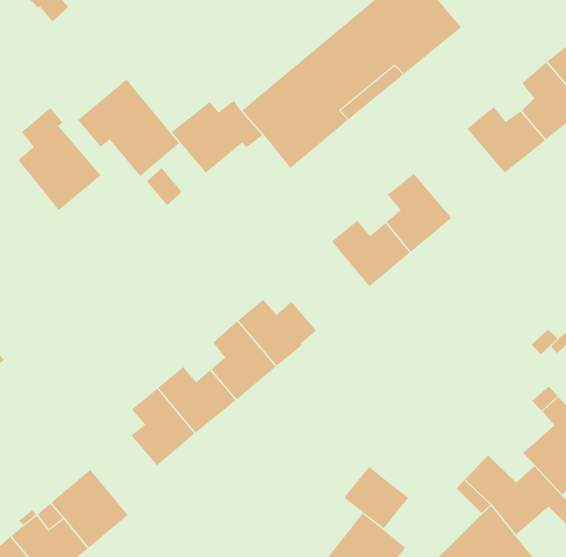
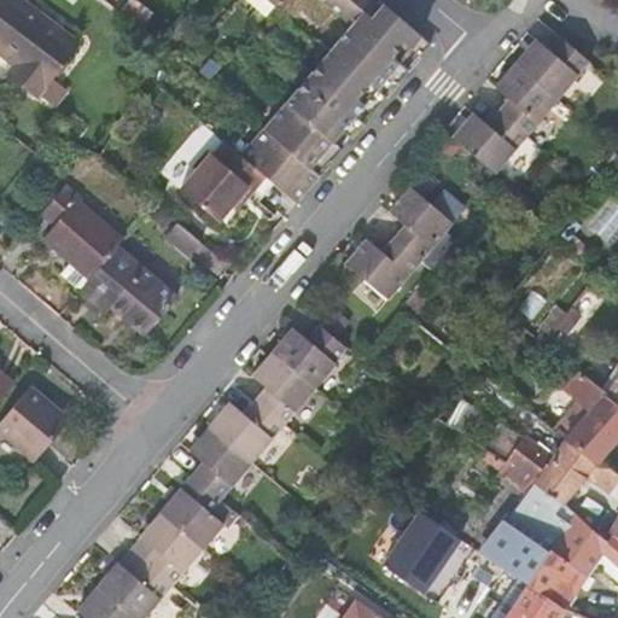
building: [78,79,180,177] -> [78,246,176,334]
building: none -> [161,474,223,548]
building: [344,466,409,529] -> none

